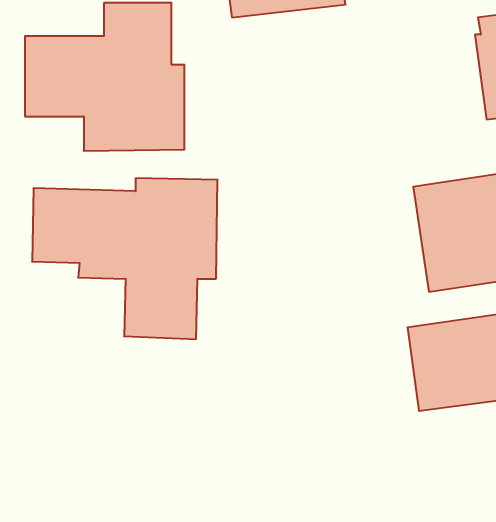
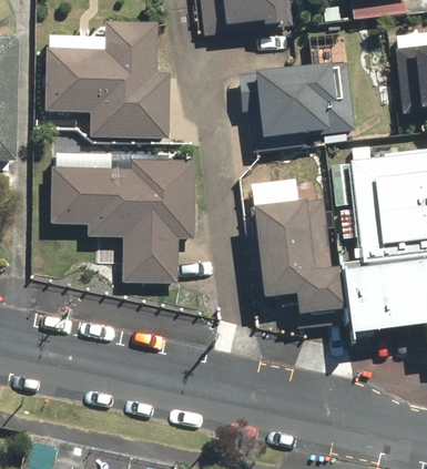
building: none -> [254,60,357,141]
building: none -> [250,197,343,316]

